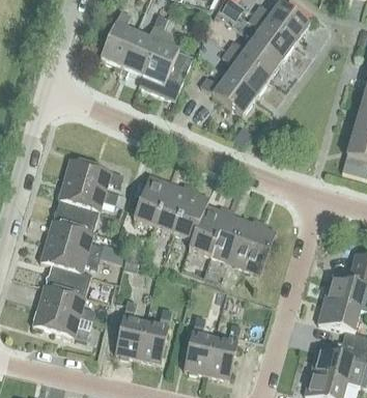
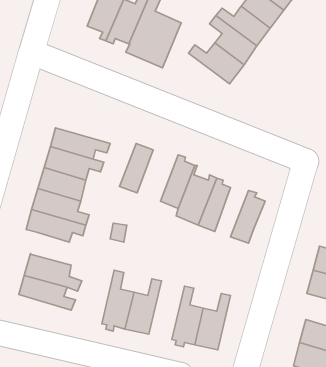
building: [150,180,191,231] -> none
building: [227,218,260,266] -> none
building: [46,262,90,294] -> none

